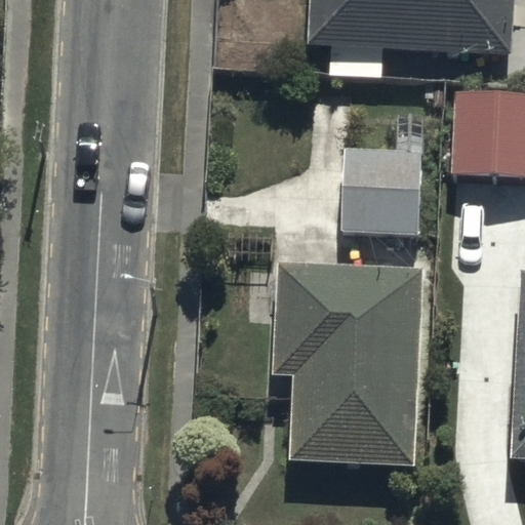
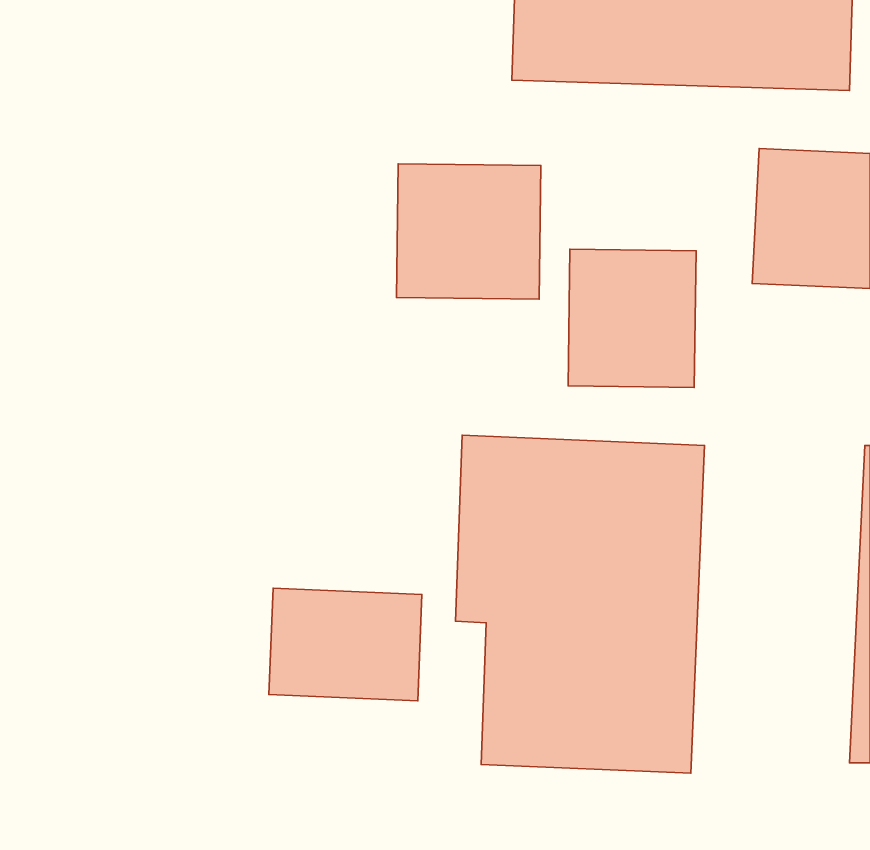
building: none -> [396,164,541,299]
building: none -> [269,588,422,701]

